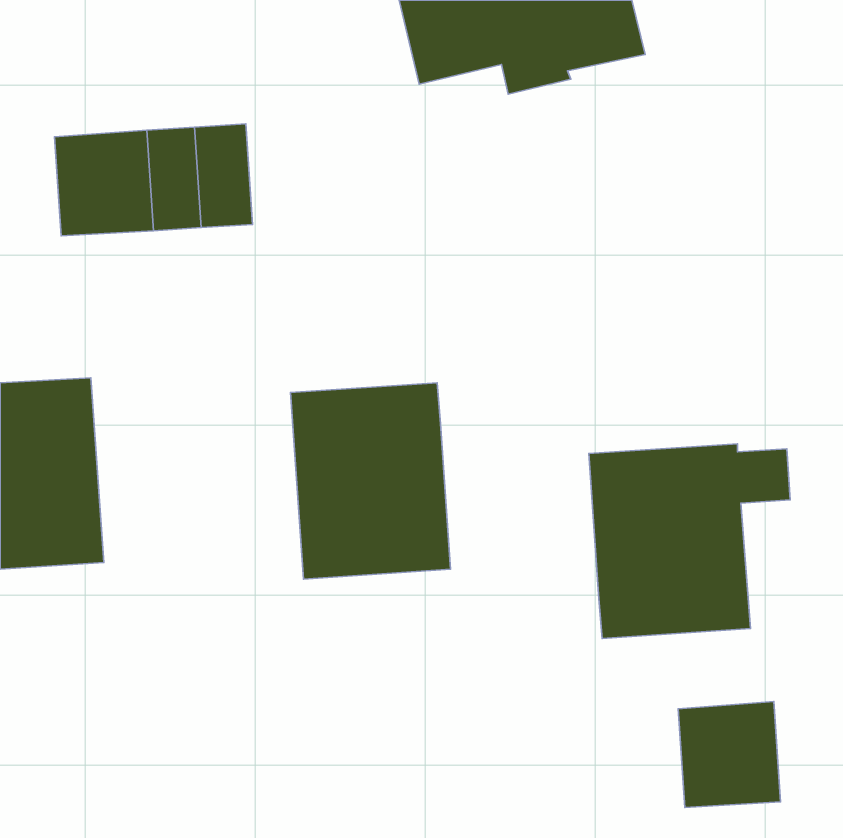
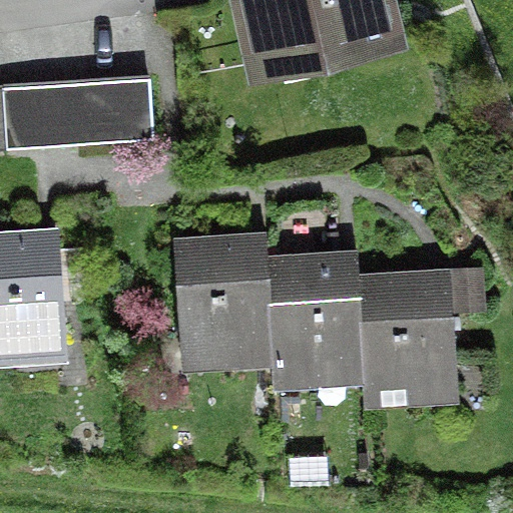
building: none -> [268,254,364,373]
building: [678,701,781,808] -> none

